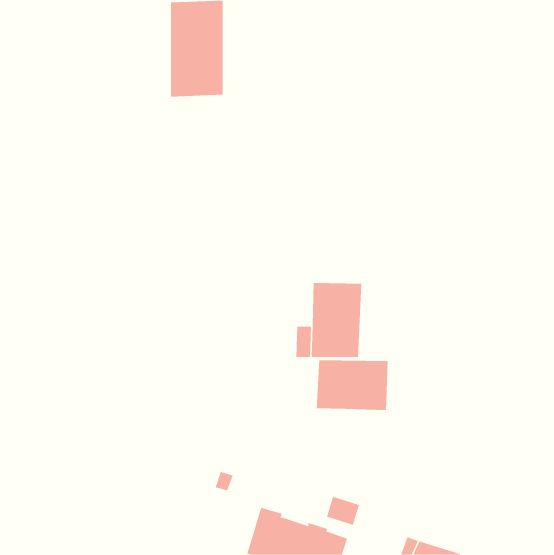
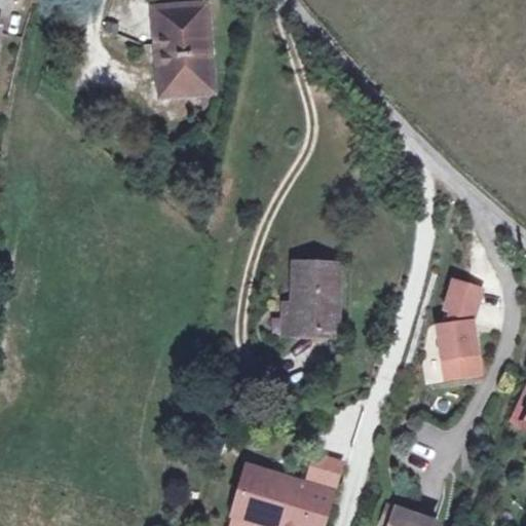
building: none -> [434,279,480,379]
building: [316,360,388,411] -> none

